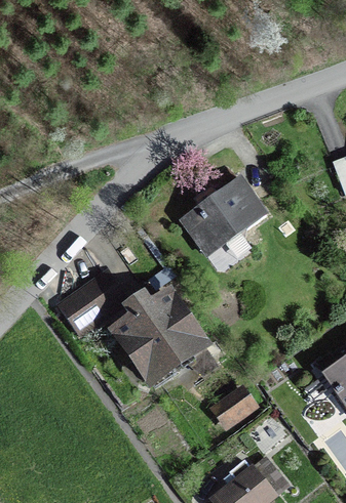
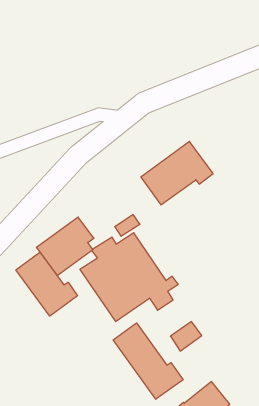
building: none -> [16,252,78,316]
building: none -> [113,323,183,399]

